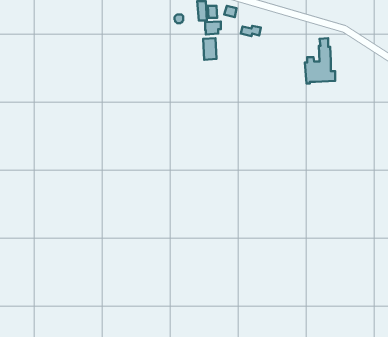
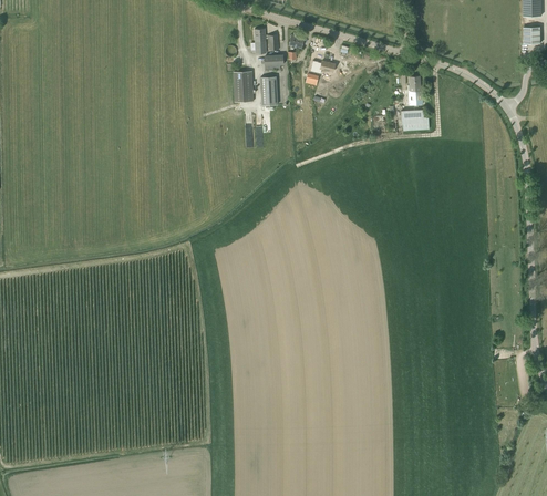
building: none -> [235,70,254,99]

